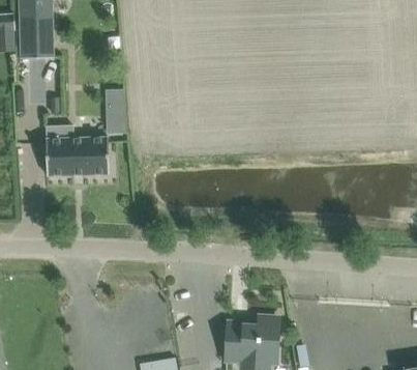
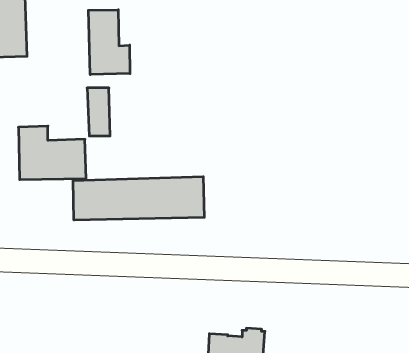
building: none -> [88,10,130,75]
building: none -> [73,177,204,220]

